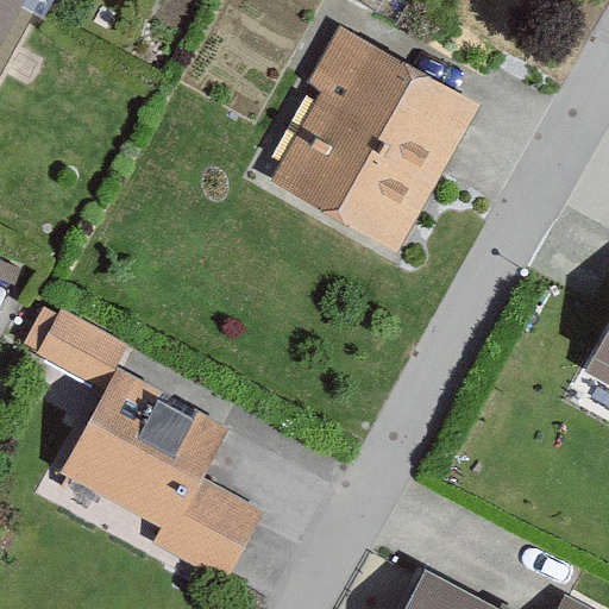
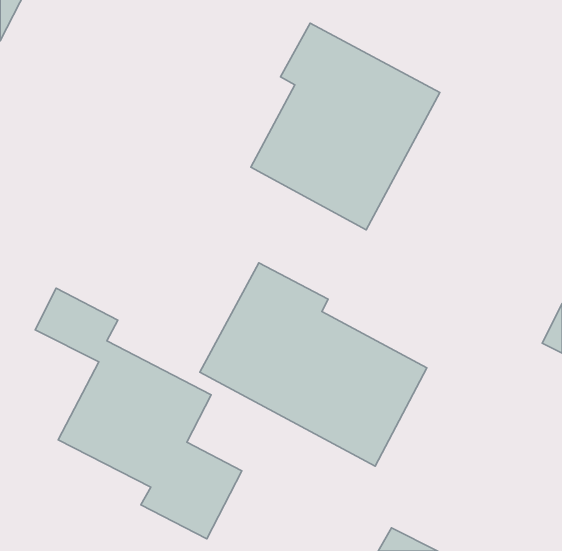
building: none -> [200,263,427,466]

